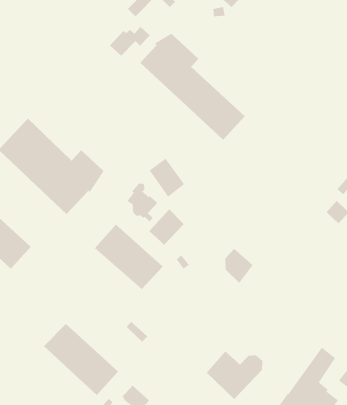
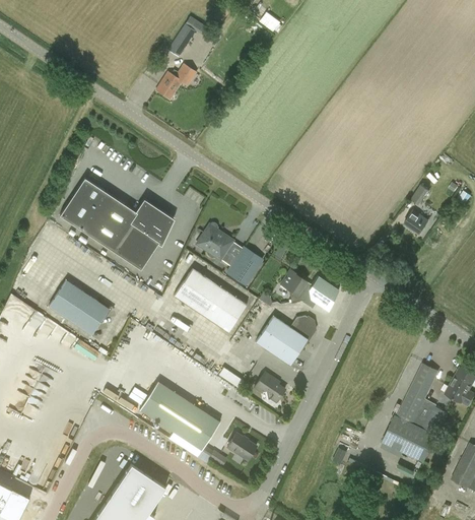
building: [139,33,246,140] -> none
building: [149,158,185,198] -> none
building: none -> [280,269,307,302]
building: none -> [254,371,284,398]
building: [206,351,263,400] -> [256,315,314,365]

